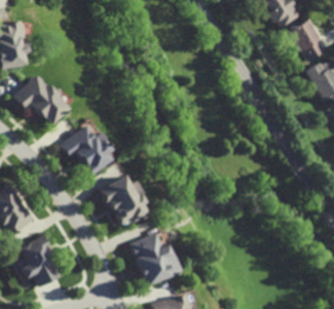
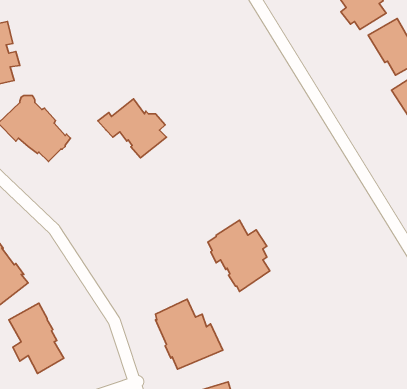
building: [58,126,109,170] -> [98,99,166,158]
building: [99,170,145,224] -> [208,220,270,292]

